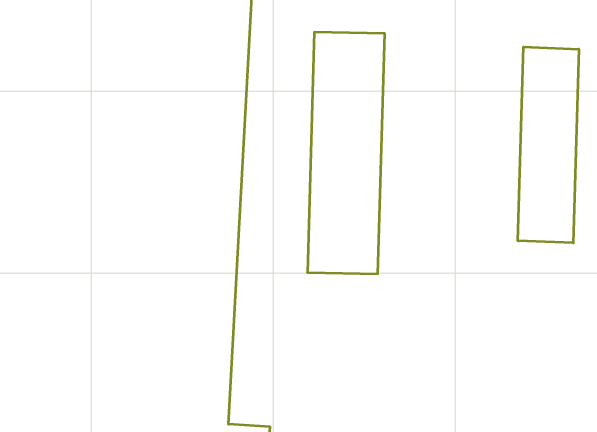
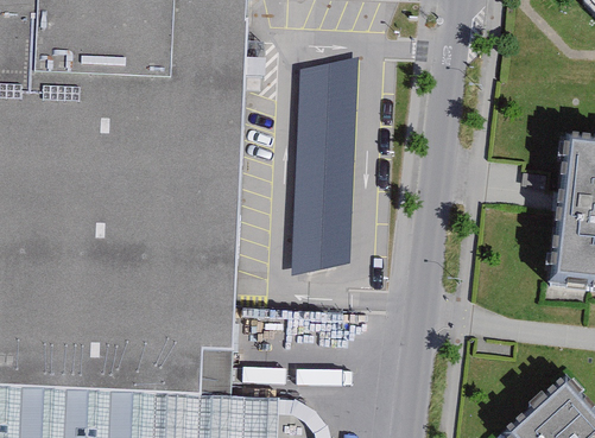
building: [518,47,579,243] -> none

